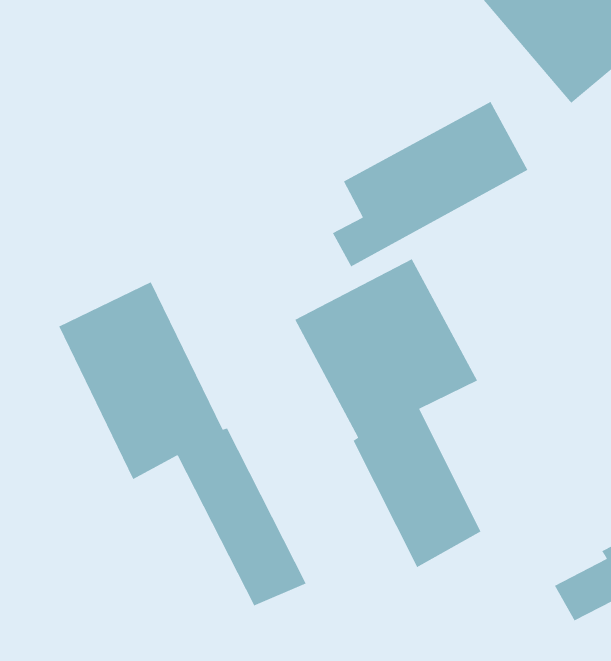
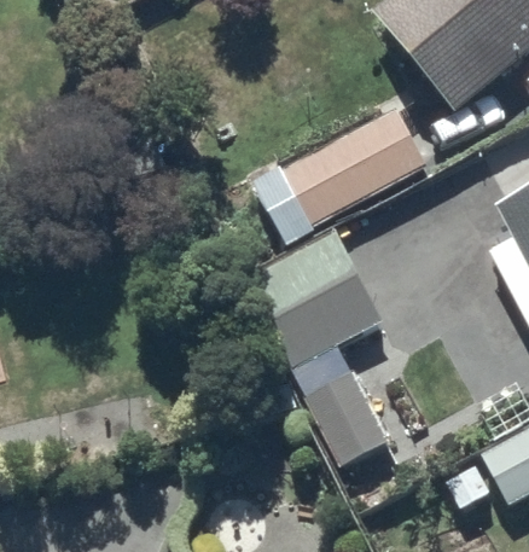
building: [58,281,307,606] -> none

